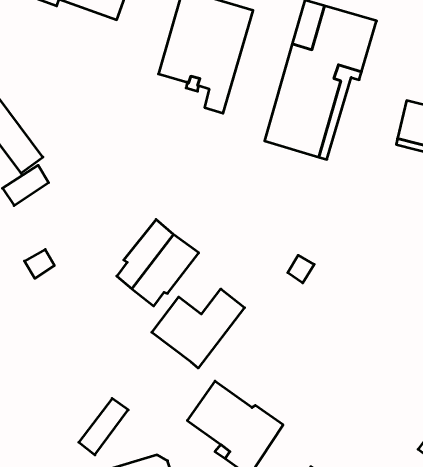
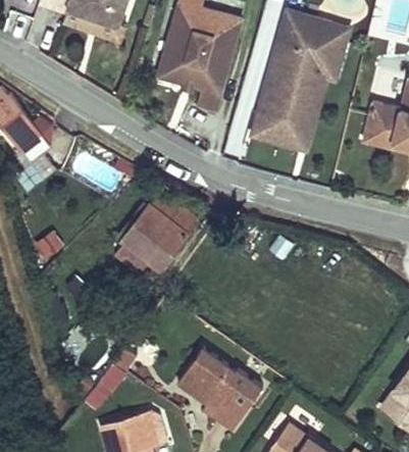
building: [152,289,245,368] -> none

